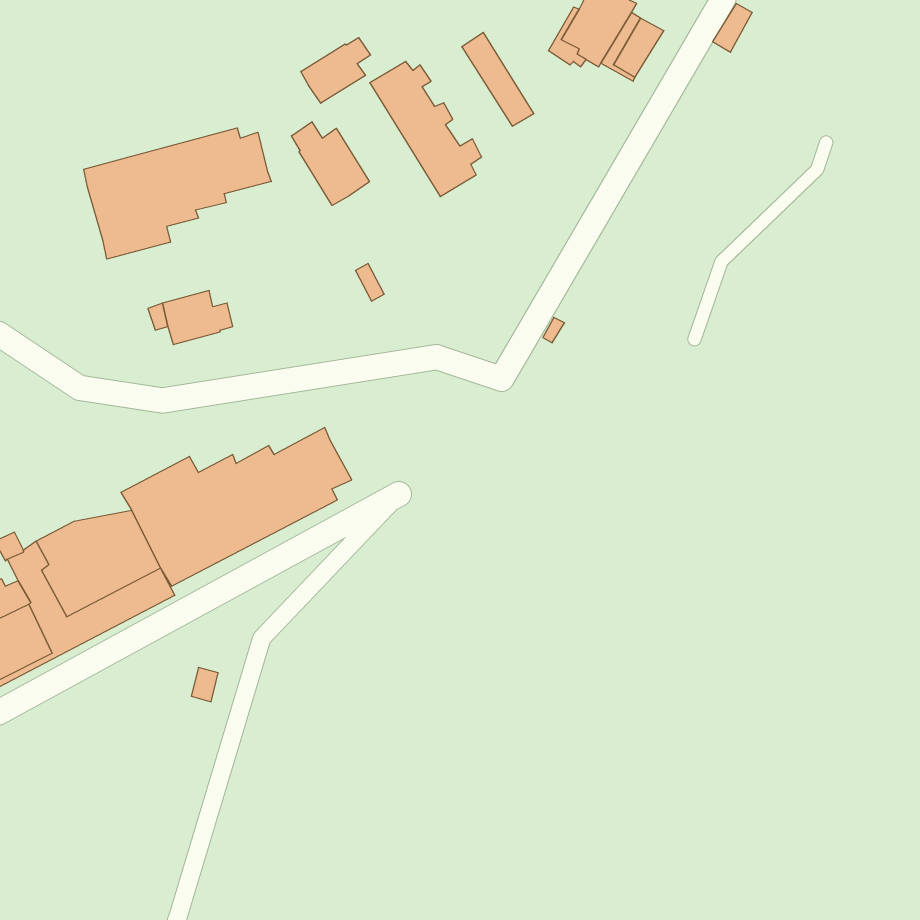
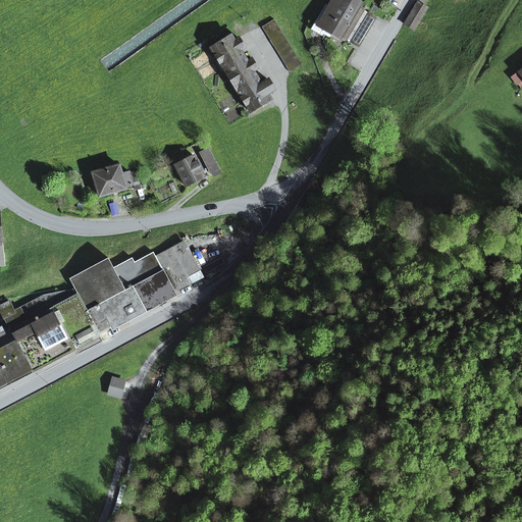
building: [301,38,371,103] -> none
building: [291,122,369,205] -> none
building: [84,128,271,259] -> none
building: none -> [173,154,203,186]

